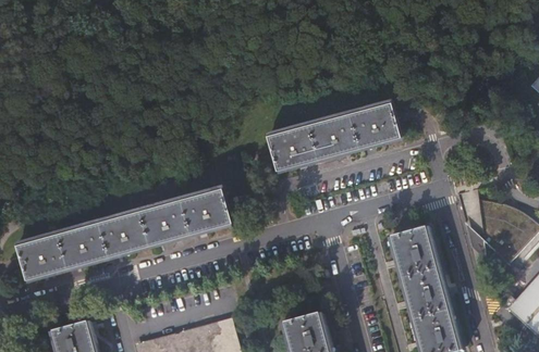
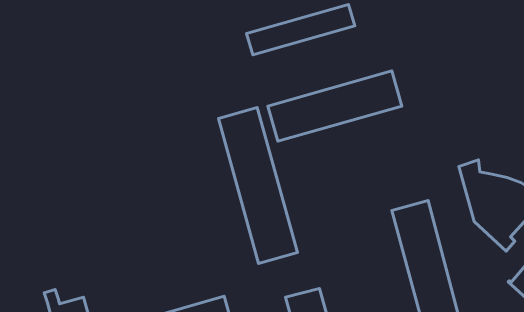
building: none -> [246,4,355,55]
building: none -> [218,108,297,263]
building: [17,186,233,278] -> none

